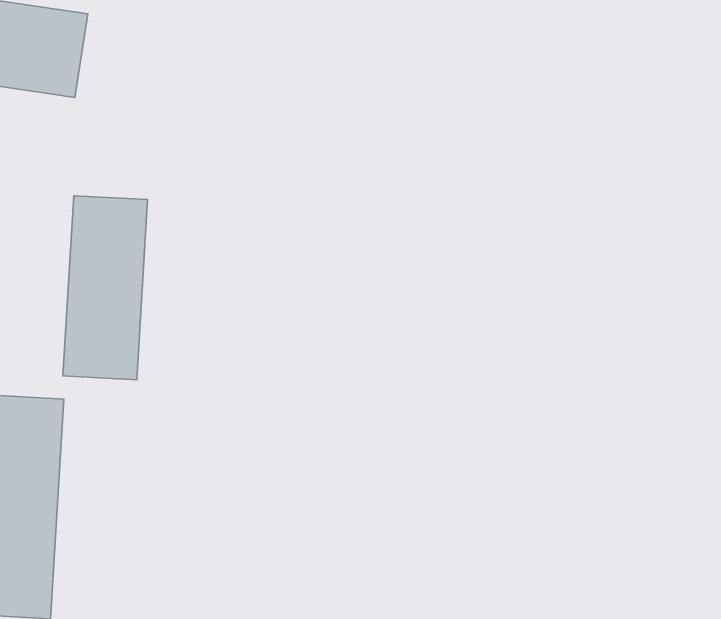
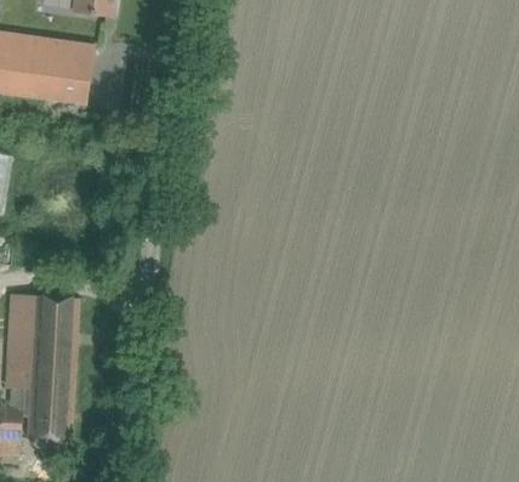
building: [63,196,148,380] -> none

